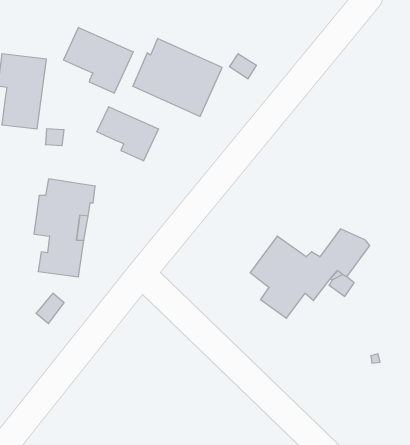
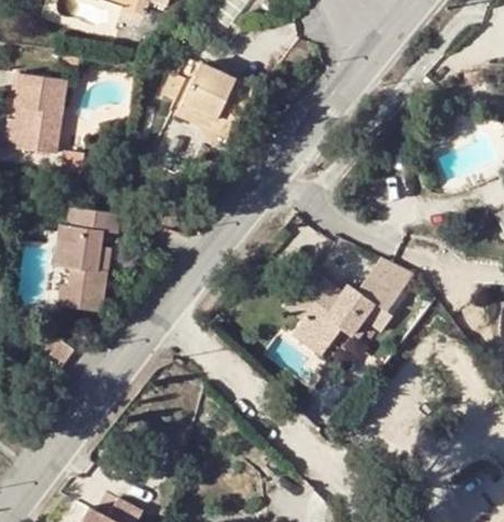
building: [63,27,133,93] -> none
building: [97,107,158,161] -> none

